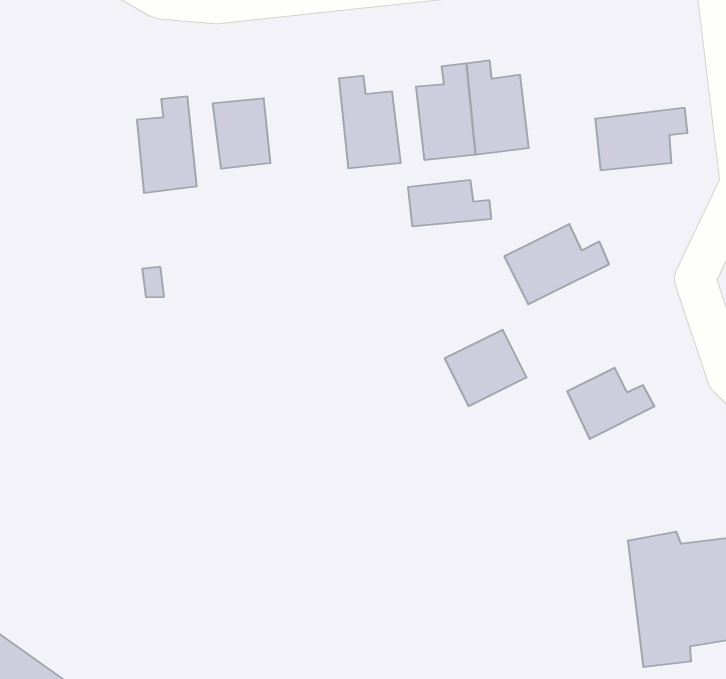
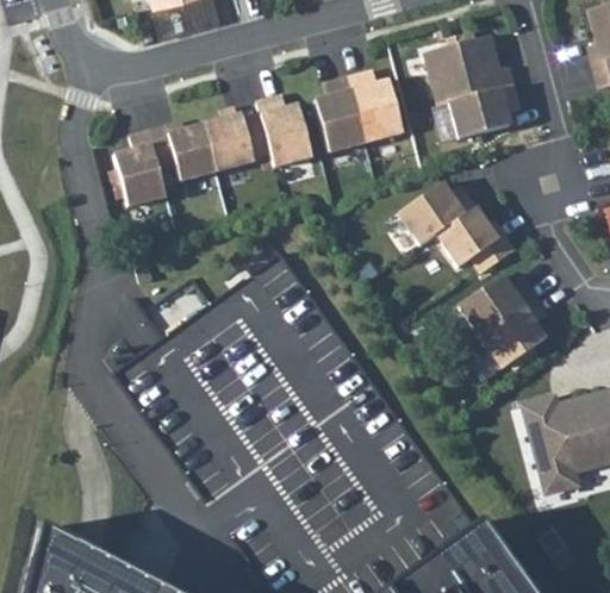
building: none -> [427,36,516,106]
building: none -> [207,113,256,170]
building: [408,180,491,226] -> none
building: [445,330,527,406] -> [438,207,500,267]
building: none -> [483,306,537,369]

